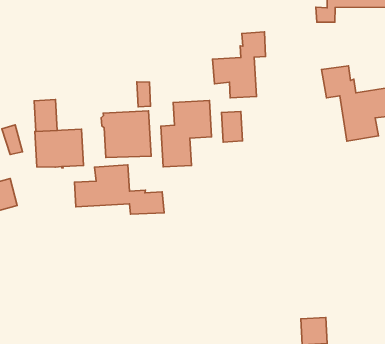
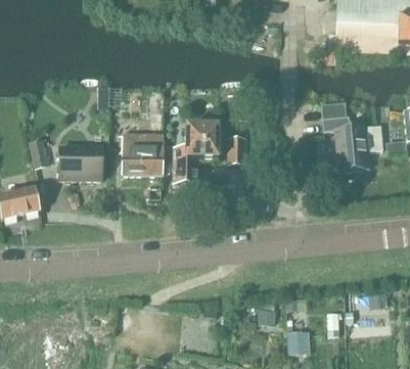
building: [213,32,266,98] -> none
building: [34,100,57,132] -> none
building: [75,165,164,214] -> none

